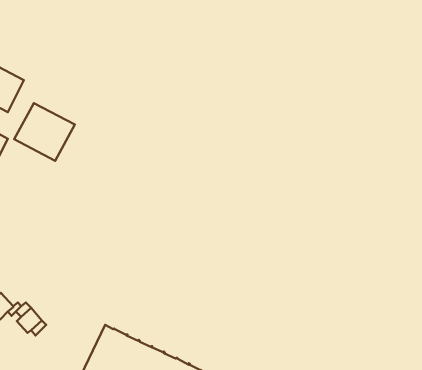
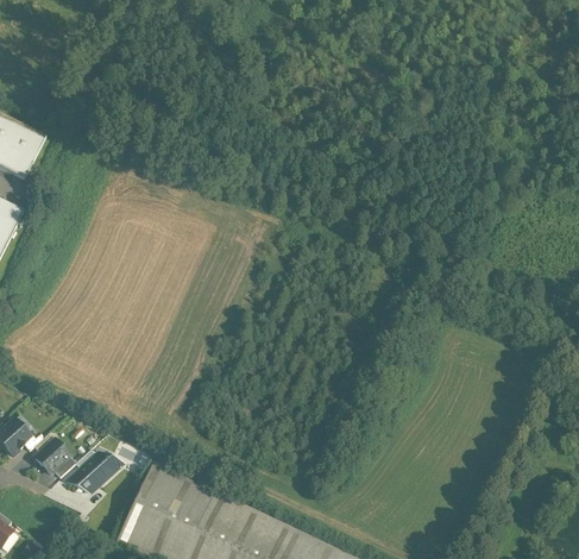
building: [14,103,75,161] -> none
building: none -> [68,452,121,494]

